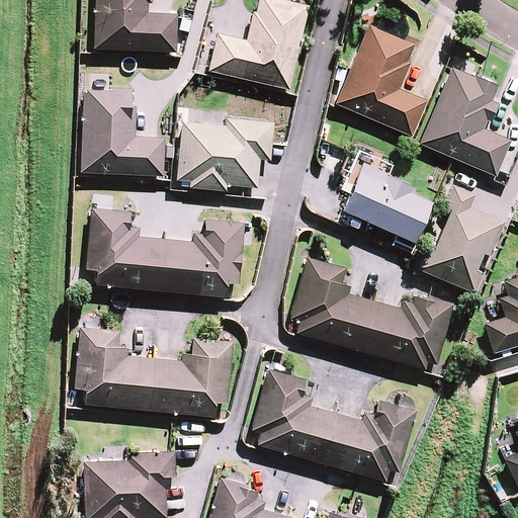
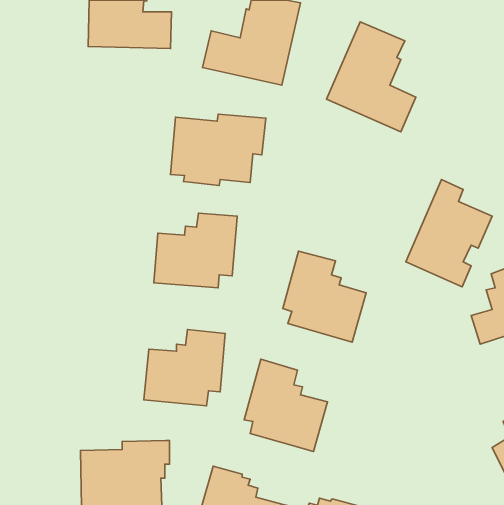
building: [419,68,512,176] -> none
building: [81,89,166,176] -> none
building: [343,163,432,241] -> none
building: [87,209,164,290] -> none
building: [362,295,452,368] -> none
building: [76,327,155,410] -> none
building: [323,399,417,481] -> none

